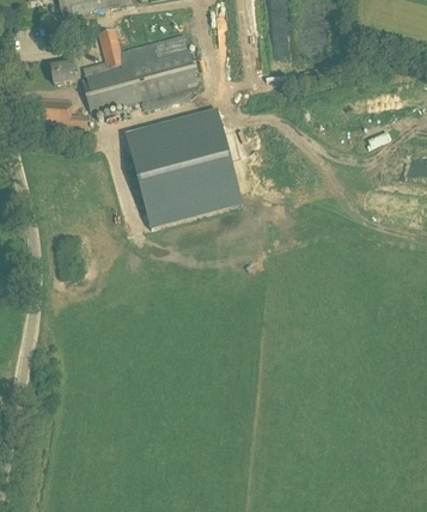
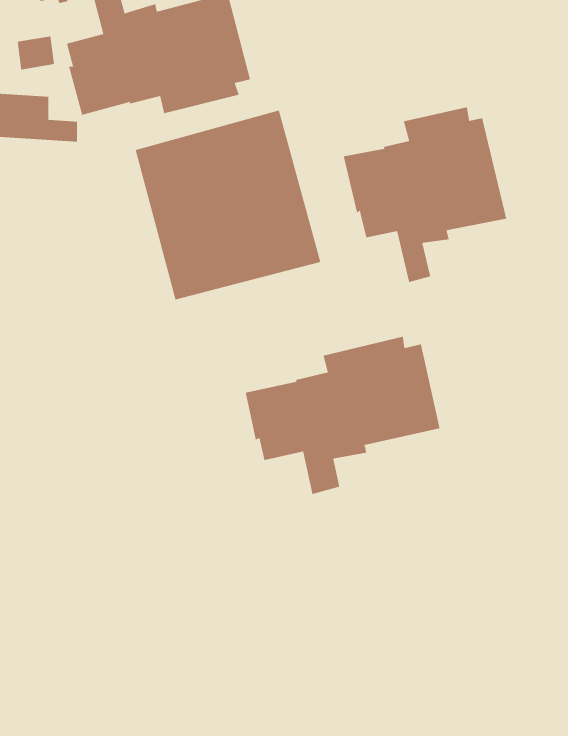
building: none -> [343,107,507,283]
building: none -> [245,336,440,495]

